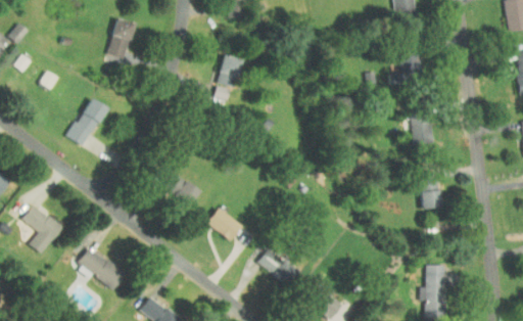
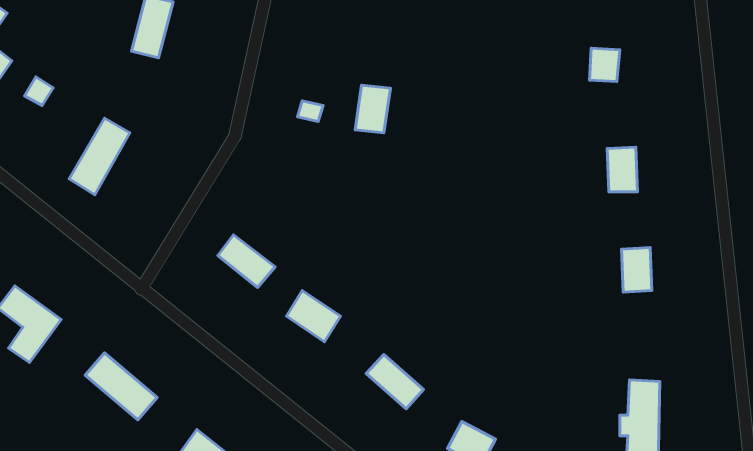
building: [219,55,241,86] -> [355,85,390,133]

